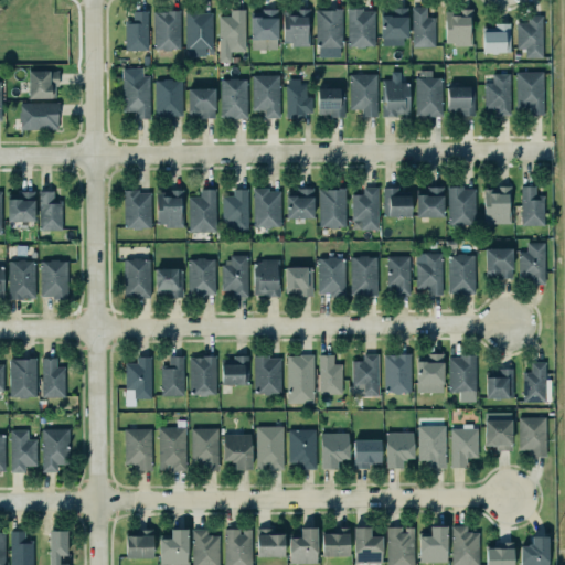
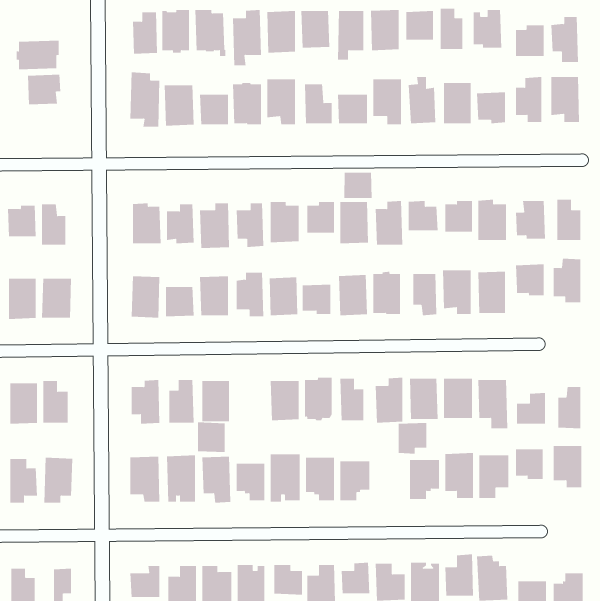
building: [19,103,60,130] -> [16,40,59,70]
building: none -> [344,172,372,199]
building: [223,358,249,386] -> [197,422,225,453]
building: [353,440,381,470] -> [398,422,427,454]

